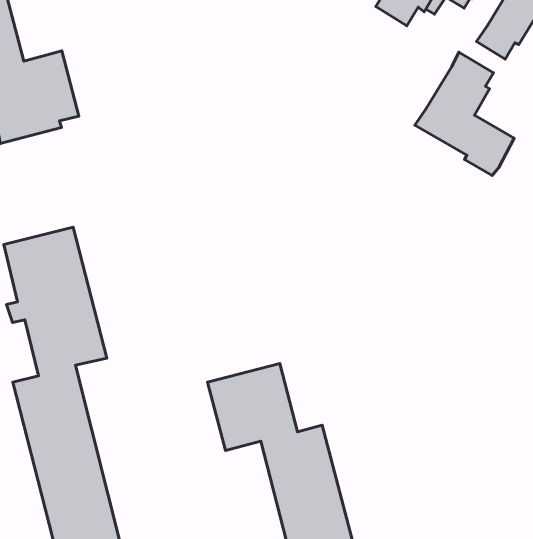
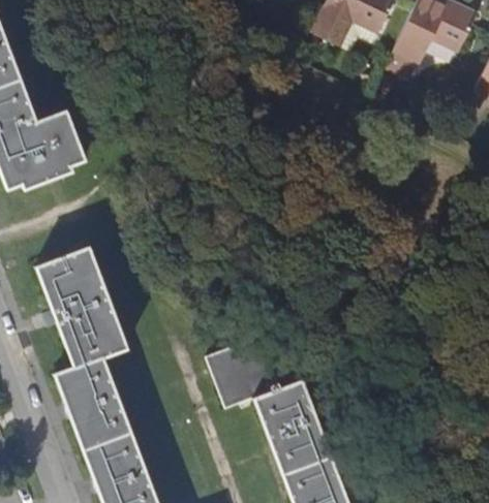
building: [415,52,514,175] -> none

